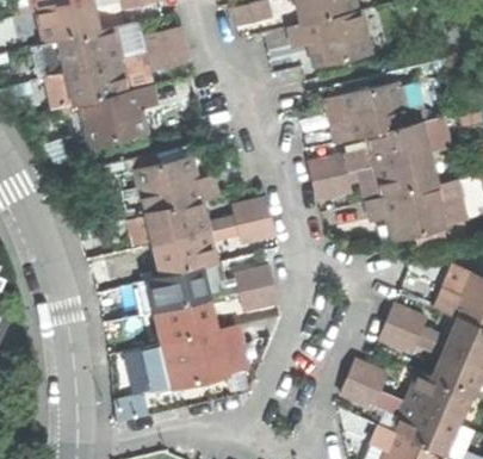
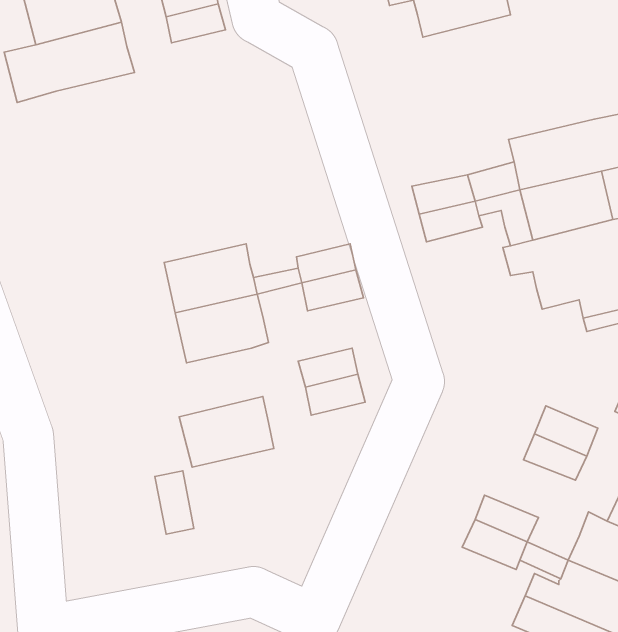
building: [328,82,422,142] -> none
building: [78,86,155,145] -> none
building: [132,157,215,213] -> none
building: [149,267,210,311] -> none
building: [162,327,239,386] -> none

